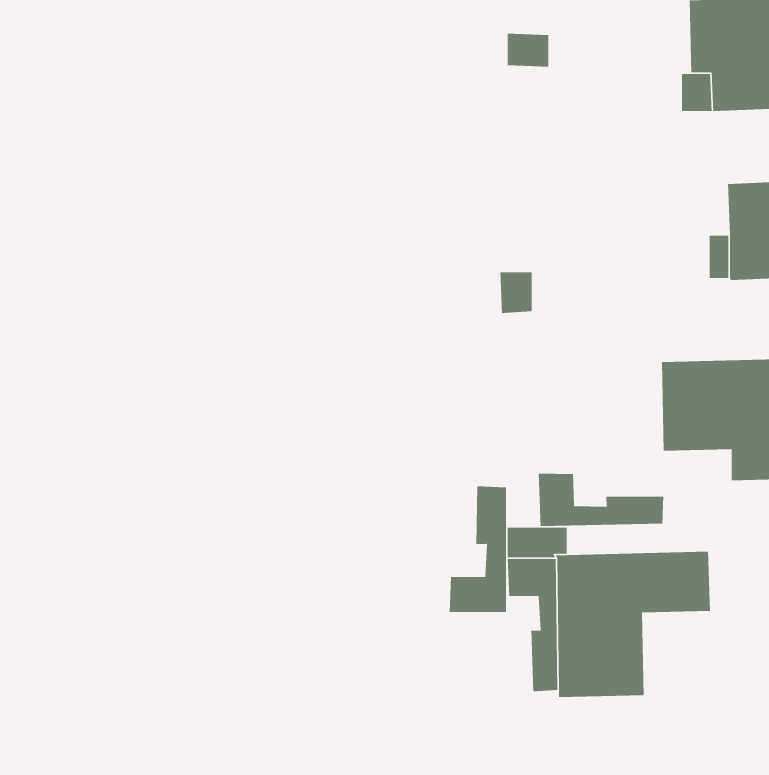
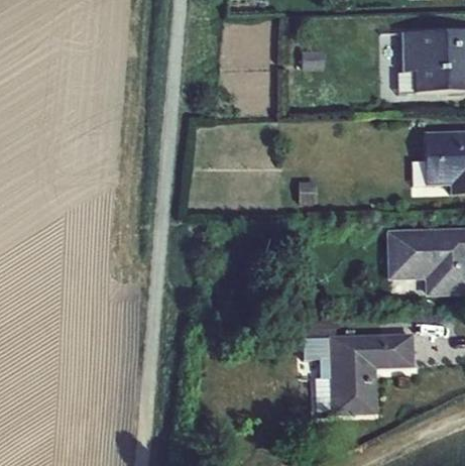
building: [538,473,664,527] -> none
building: [449,486,507,613] -> none

